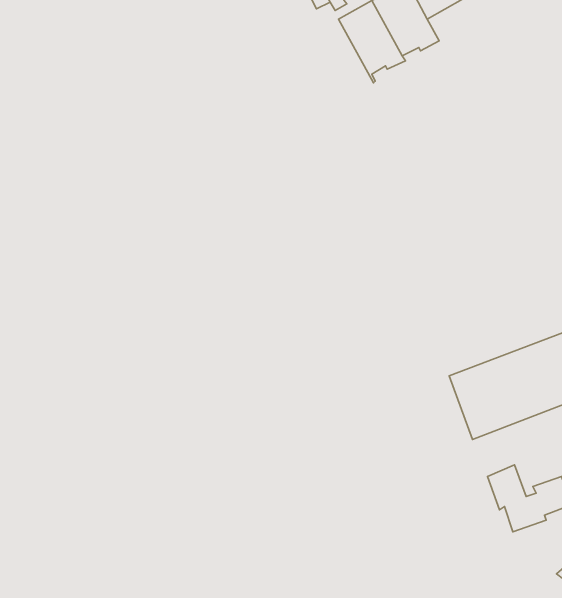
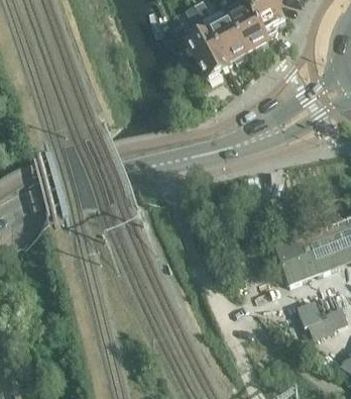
building: none -> [187,31,230,82]

